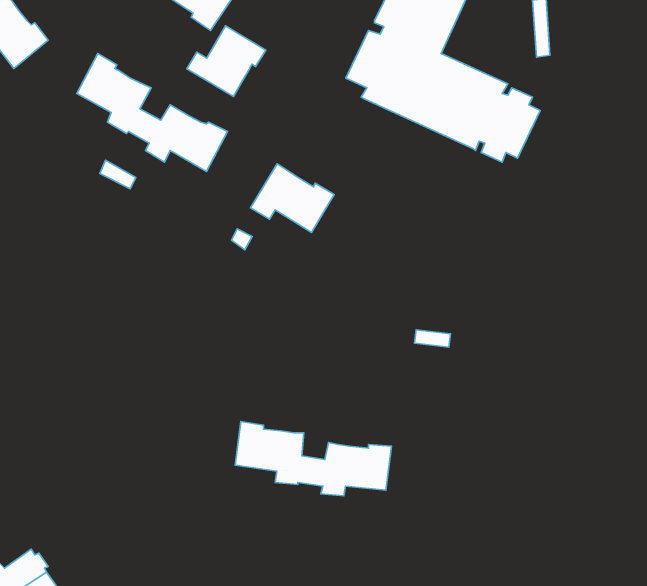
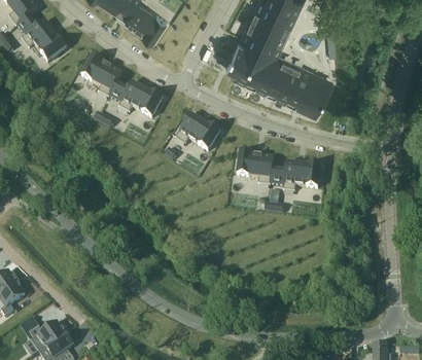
building: [187,26,266,97] -> none
building: [235,421,391,496] -> [236,149,320,189]

